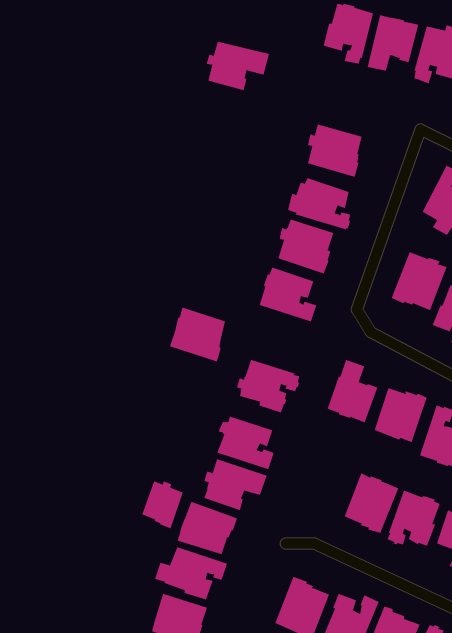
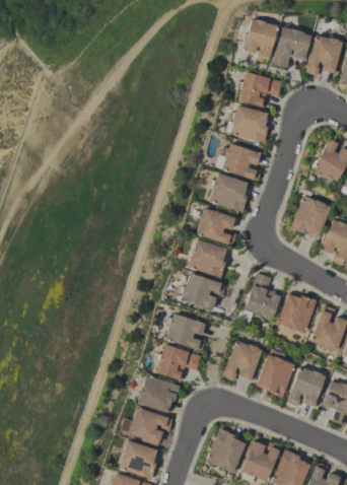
building: [206,41,270,91] -> [237,72,283,108]
building: [169,307,226,362] -> [188,238,228,278]
building: none -> [223,341,263,382]
building: [142,481,184,529] -> none

